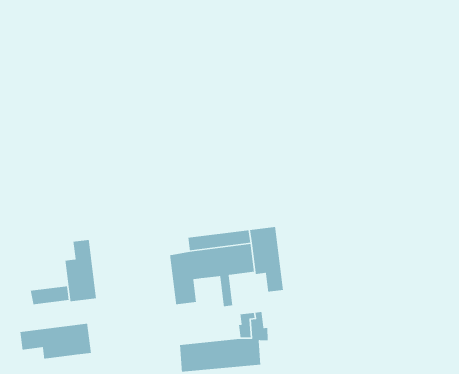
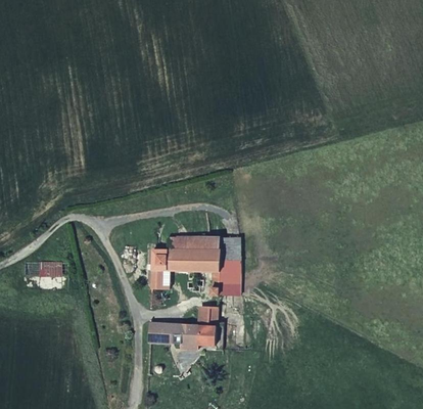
building: [65,239,97,302] -> none
building: [20,323,92,359] -> none

